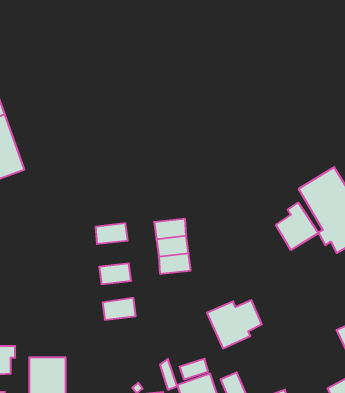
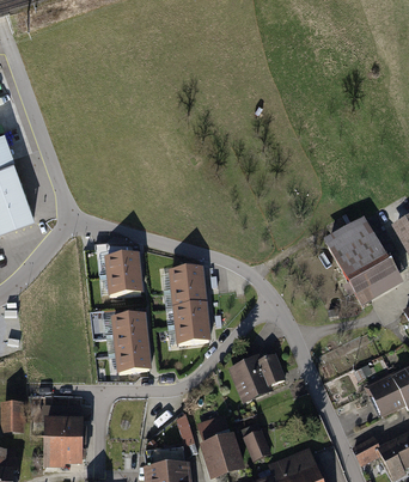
building: [276,203,319,250] -> none
building: none -> [108,256,141,277]
building: none -> [177,323,212,344]
building: none -> [116,334,149,356]

